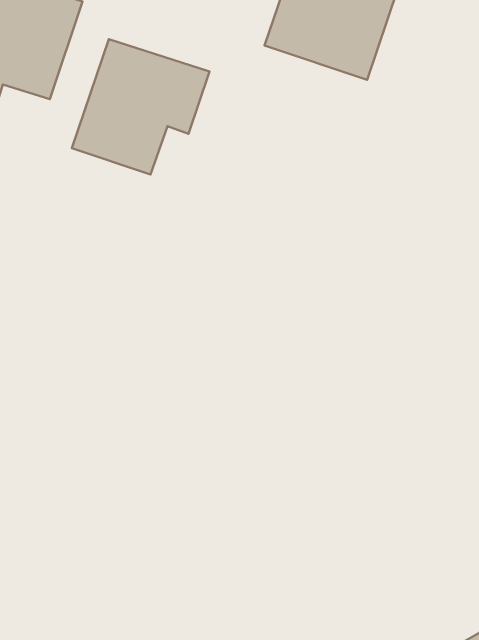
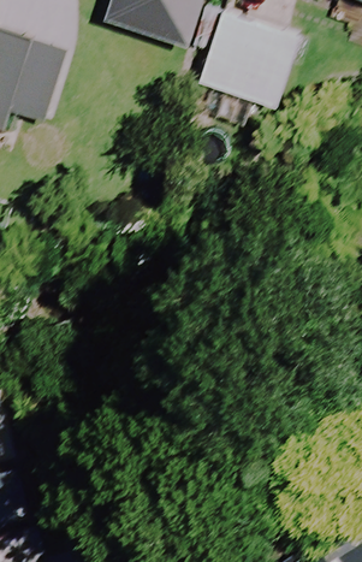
building: [72,39,210,175] -> none

